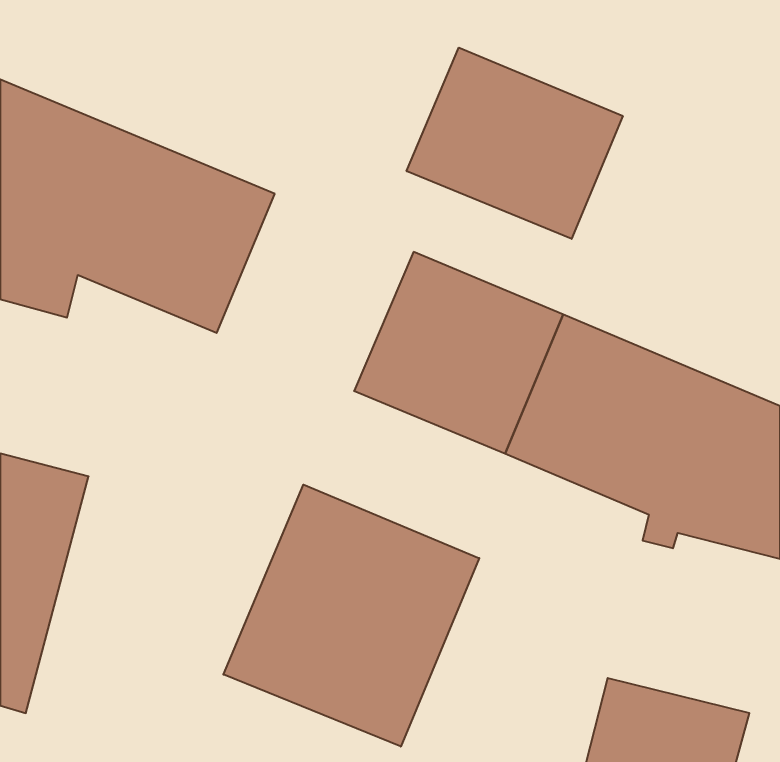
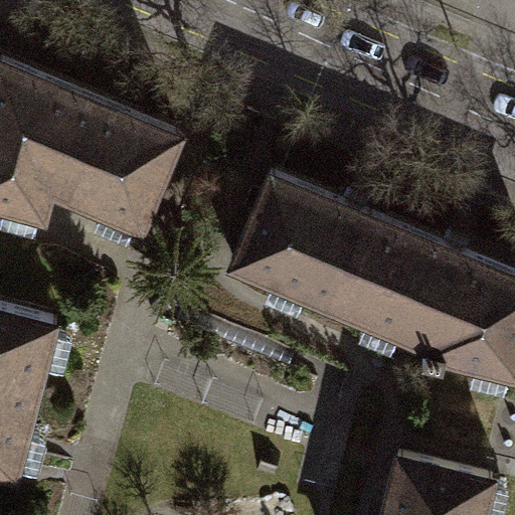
building: [407,48,623,239] -> none
building: [223,485,479,747] -> none

